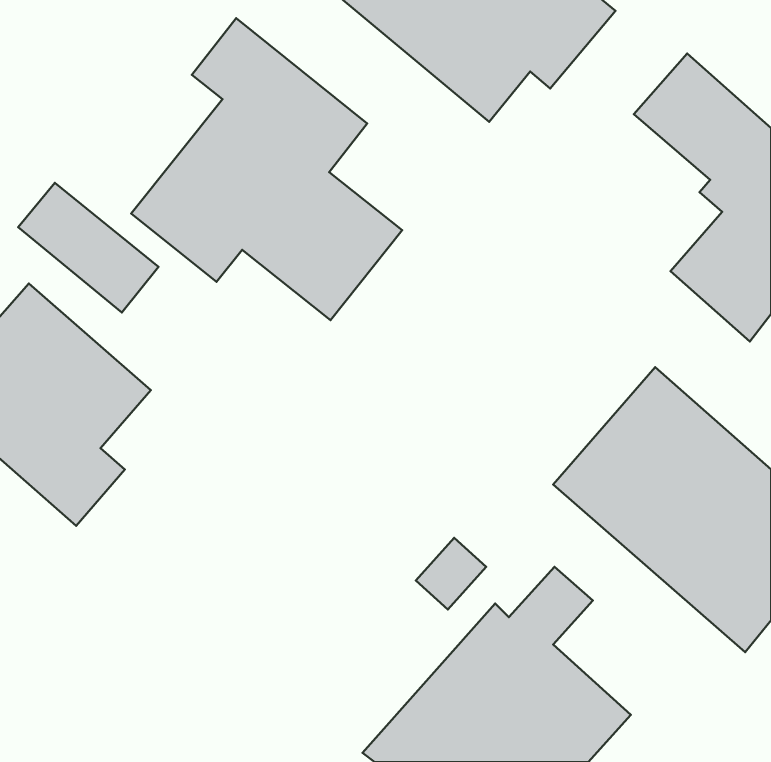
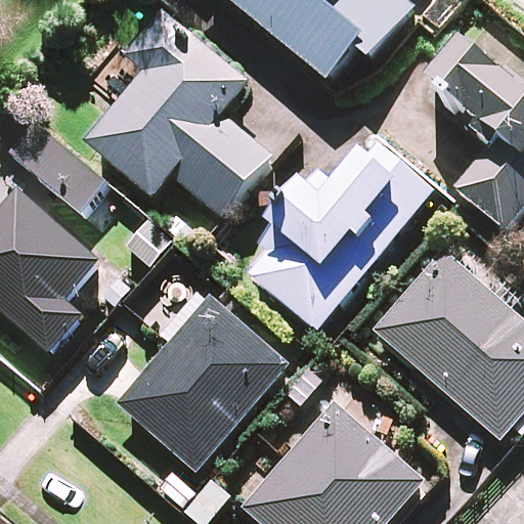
building: none -> [250,142,435,330]
building: none -> [119,259,289,470]

